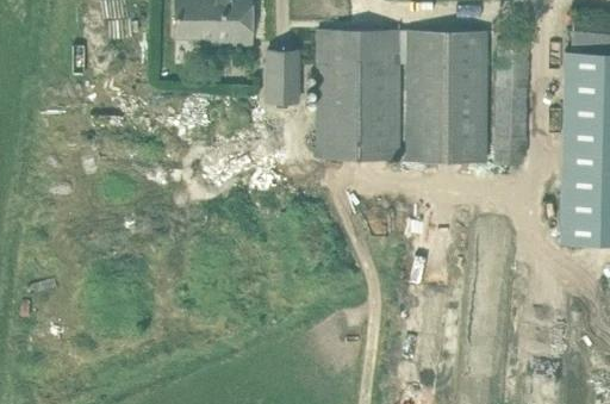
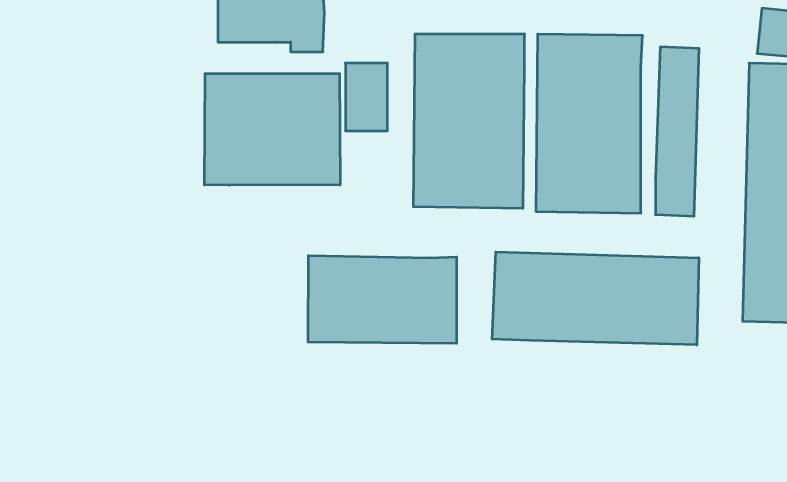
building: none -> [204,74,340,185]
building: none -> [492,252,699,345]
building: none -> [308,256,457,343]

